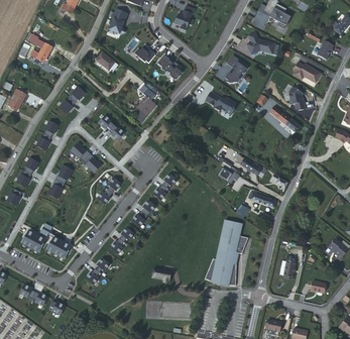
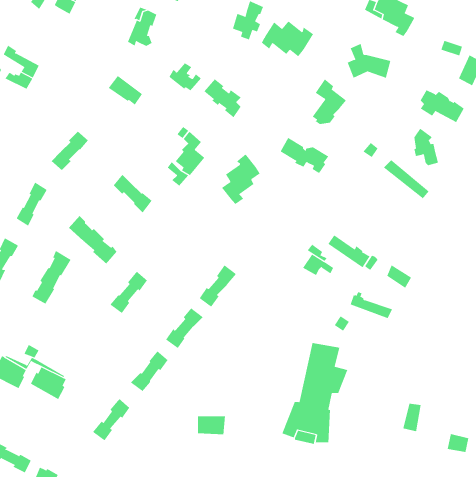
building: none -> [261,20,314,57]
building: none -> [221,154,260,205]

